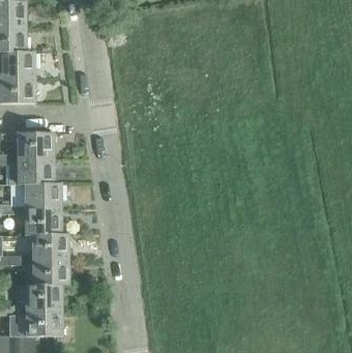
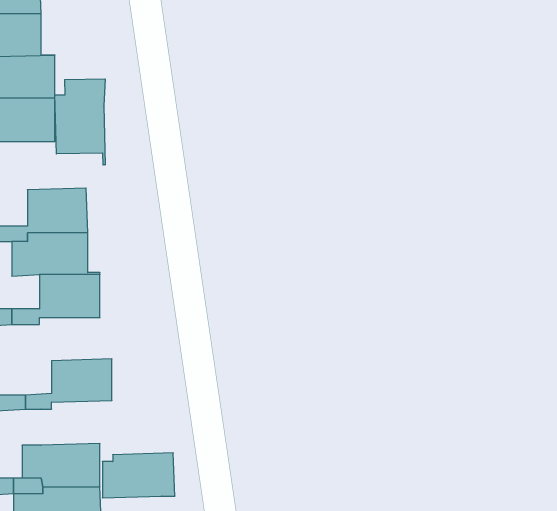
building: none -> [55,79,105,165]
building: [25,208,68,234] -> none
building: [26,258,69,285] -> [102,453,175,498]

